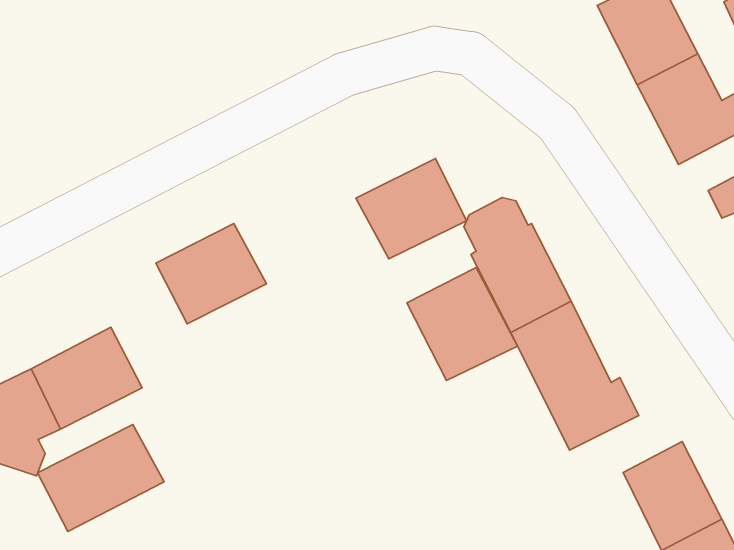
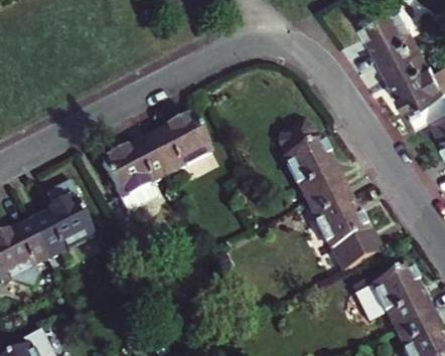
building: [356,158,467,259] -> [145,116,209,174]
building: [407,267,518,381] -> none
building: [38,425,164,532] -> none

